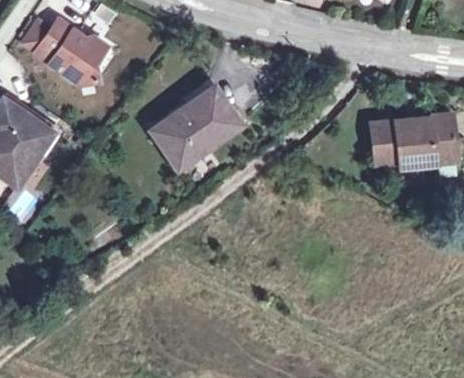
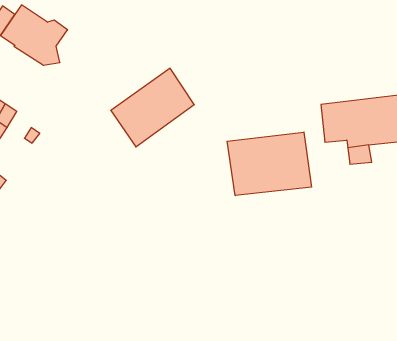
building: none -> [227,132,311,196]

